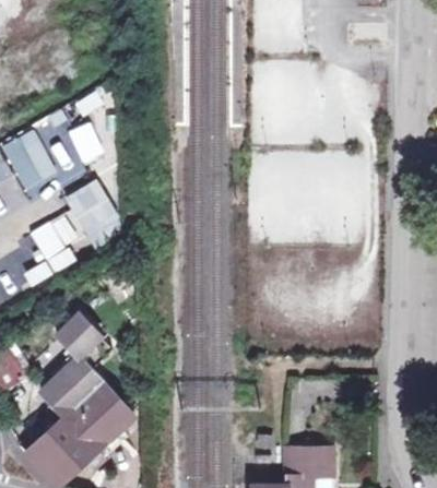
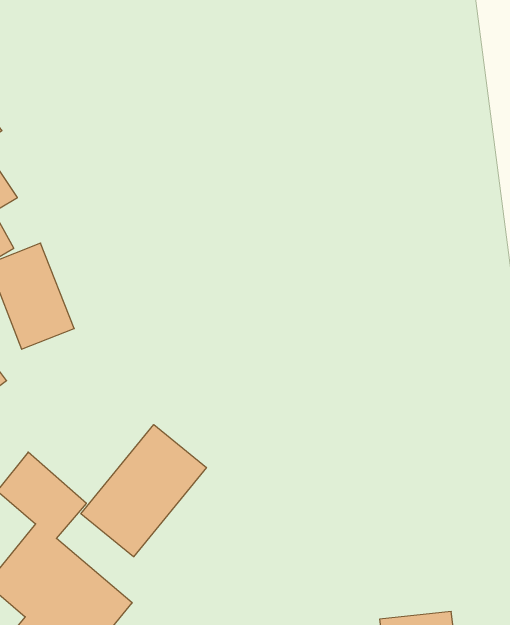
building: none -> [81,425,206,557]

